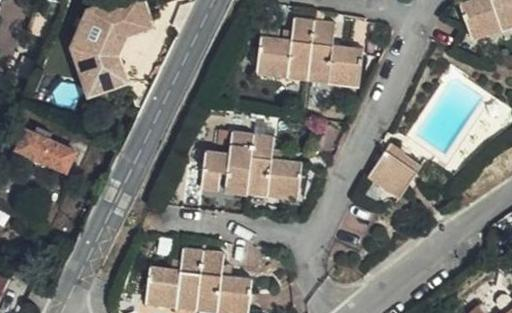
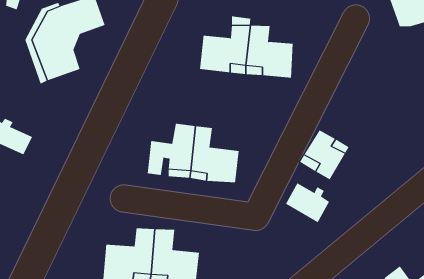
building: none -> [285,182,330,223]

